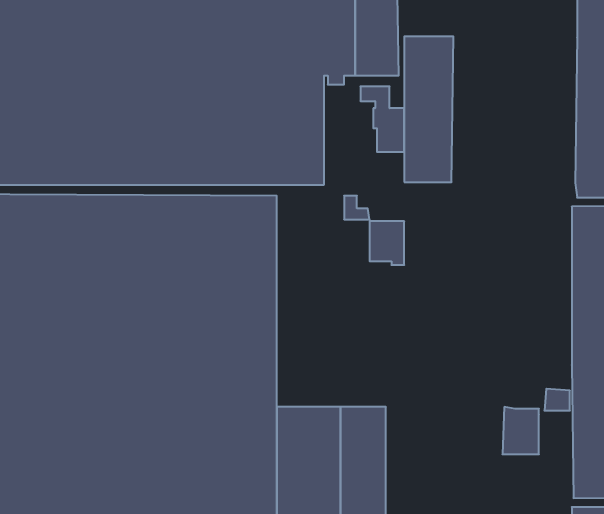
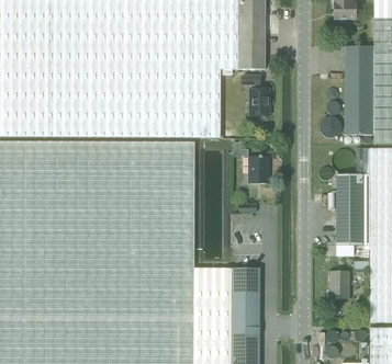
building: [404,36,453,182] -> [344,46,373,134]
building: none -> [336,148,370,243]

